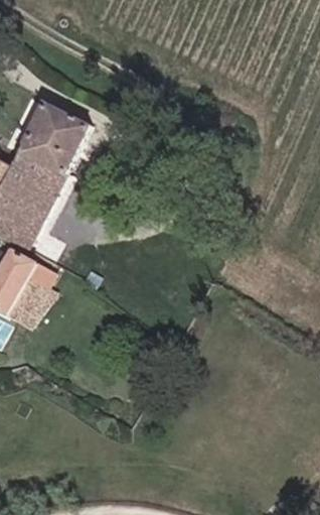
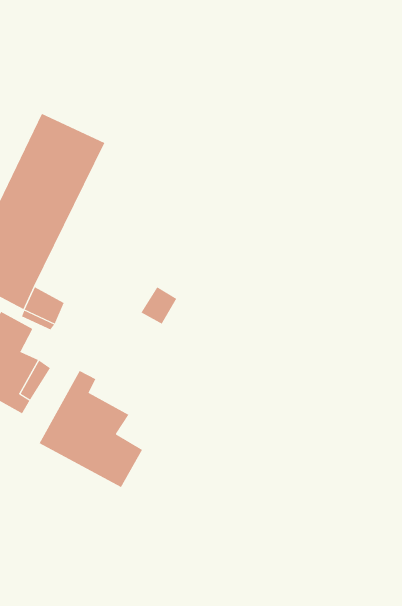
building: none -> [39,370,143,488]

